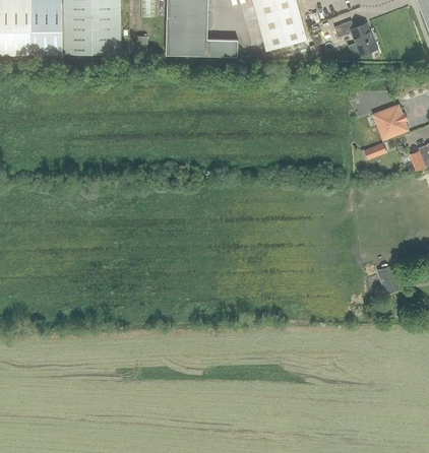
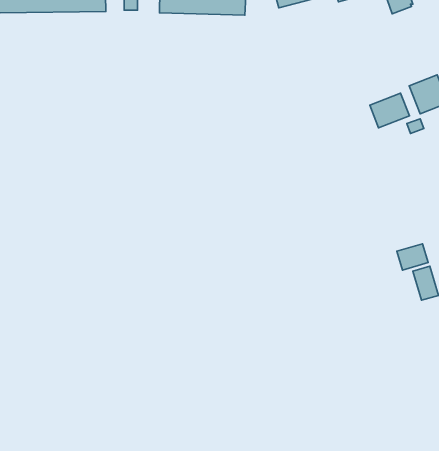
building: none -> [370,93,409,128]
building: none -> [397,244,428,270]

